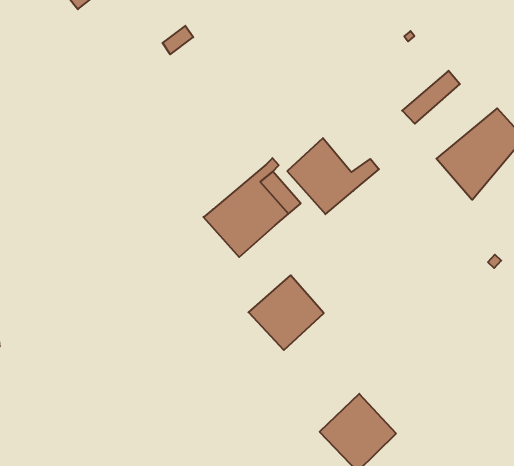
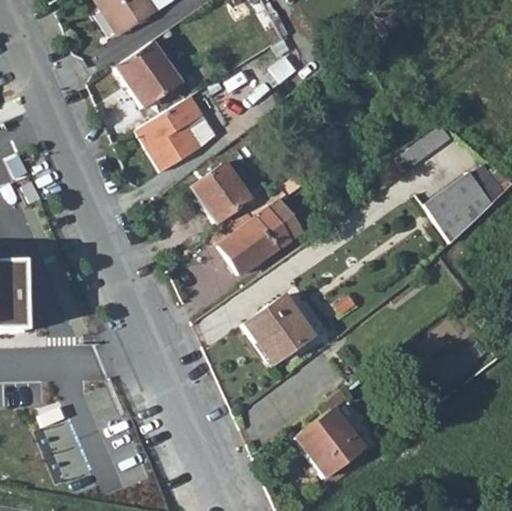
building: none -> [116,41,180,107]
building: none -> [137,96,216,172]
building: [287,138,379,214] -> [192,160,274,228]

